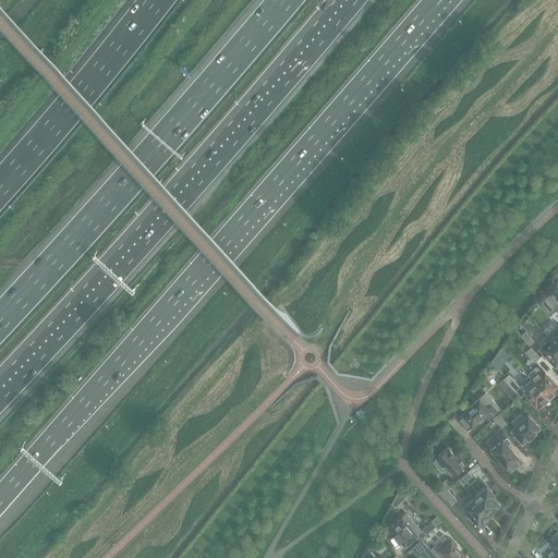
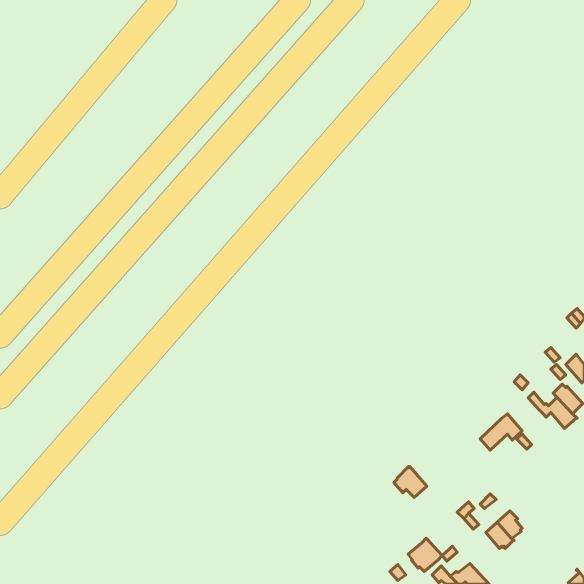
building: [511,414,539,442] -> none
building: [492,430,521,472] -> none
building: [433,447,464,476] -> [394,467,427,497]

